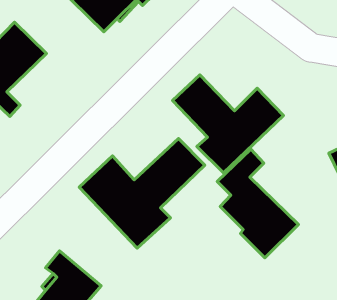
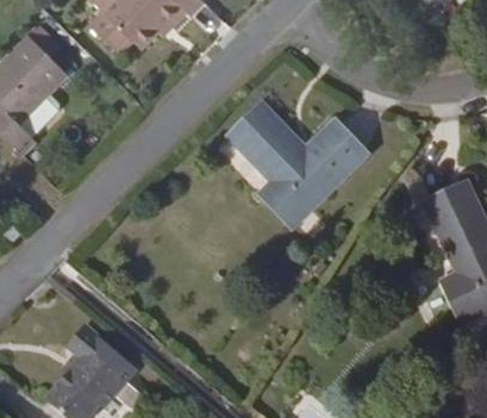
building: [79,138,205,248] -> none
building: [217,149,298,258] -> none

